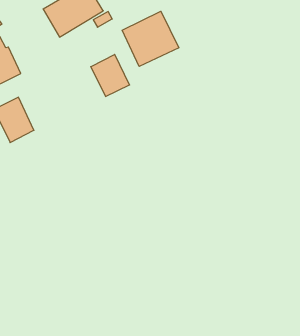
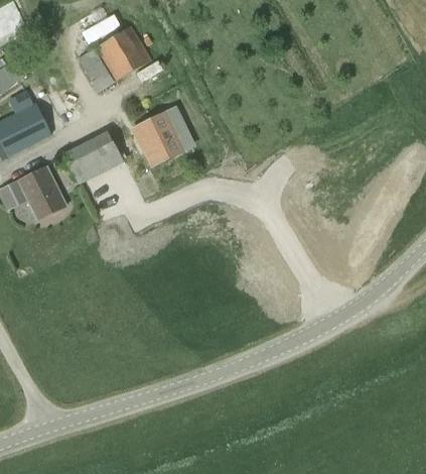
building: [122,11,179,66] -> none
building: none -> [63,131,123,186]

